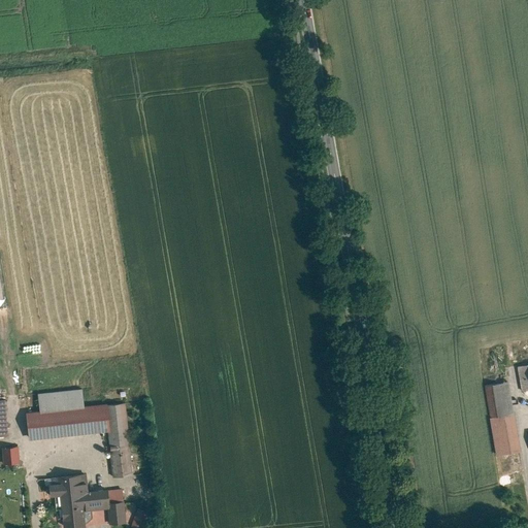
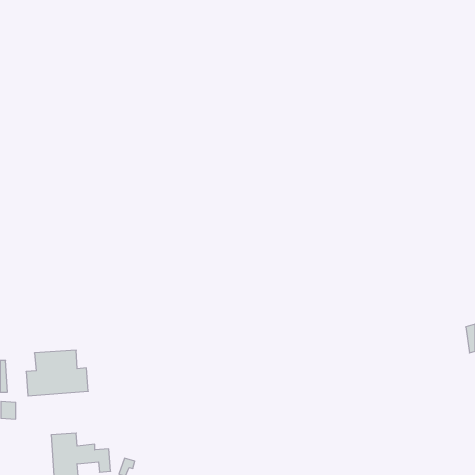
building: [484,383,521,456] -> none
building: [104,407,136,483] -> none

